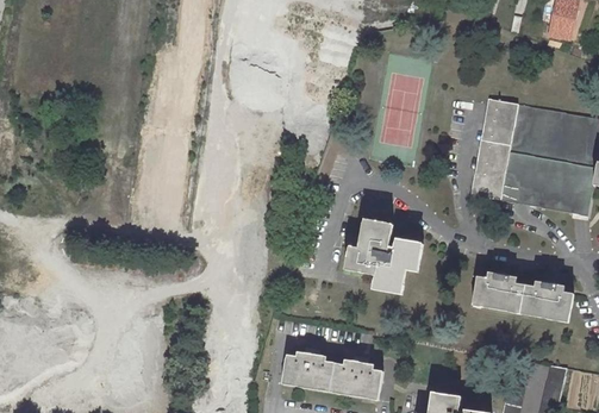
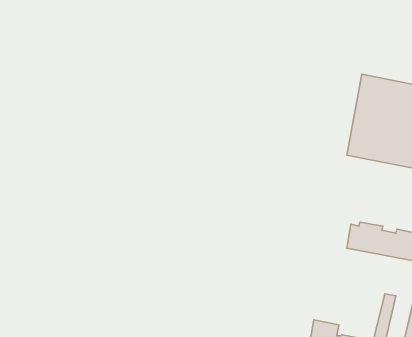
building: [344,220,423,295] -> none
building: [281,349,383,398] -> none

